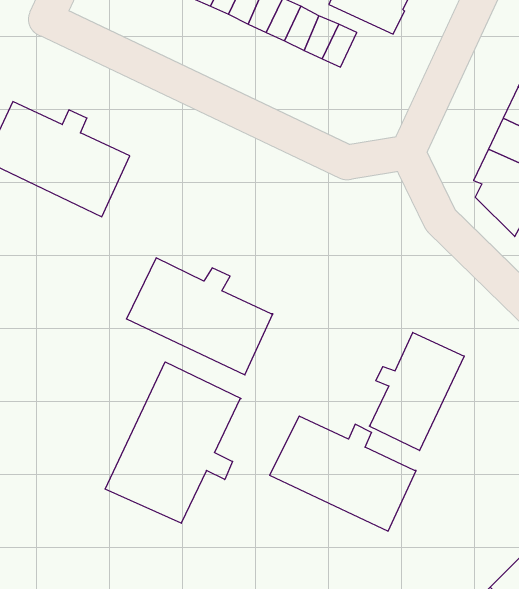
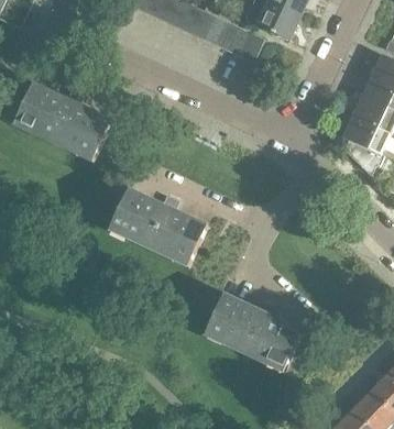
building: [369,332,464,451] -> none
building: [105,362,241,523] -> none

